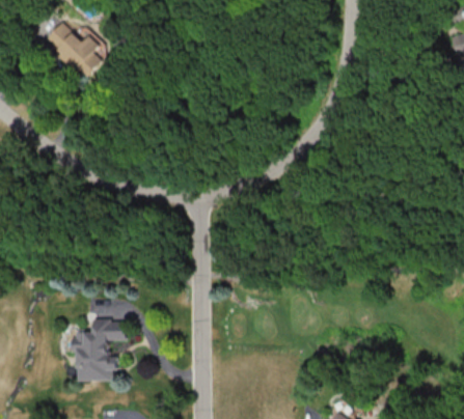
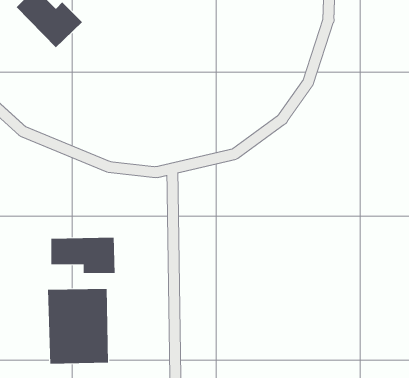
building: none -> [51,237,115,274]

